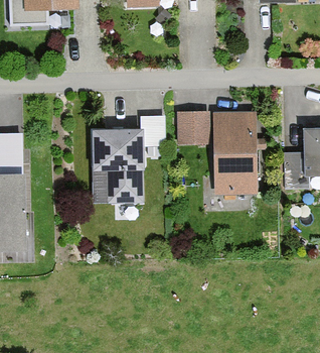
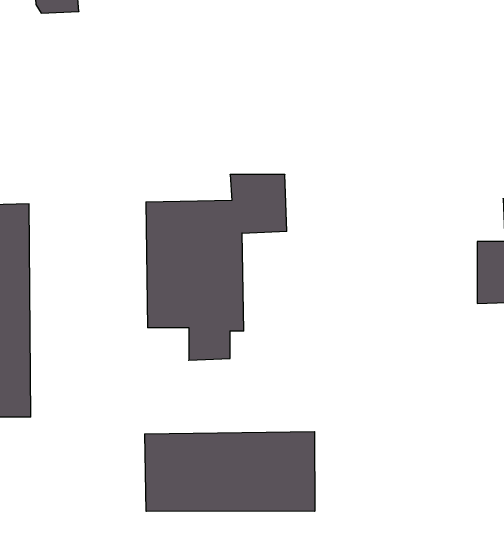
building: [180,110,260,195] -> none
building: none -> [145,432,315,511]

